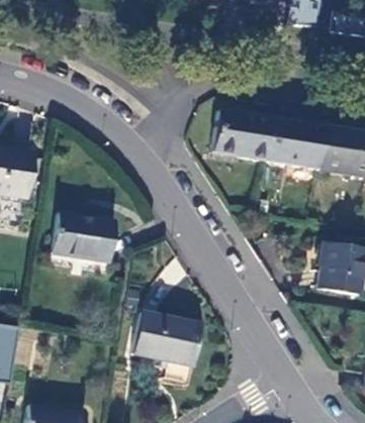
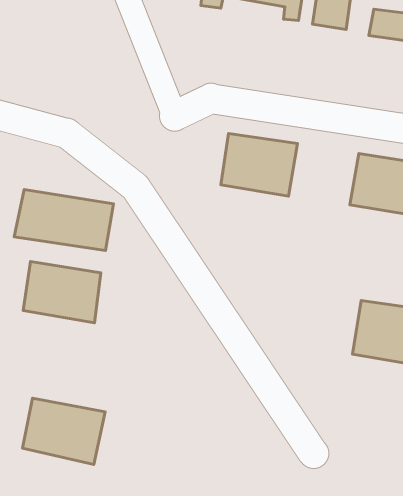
building: [268,118,325,168] -> none
building: none -> [14,190,113,251]
building: [135,314,202,367] -> [23,398,105,465]

